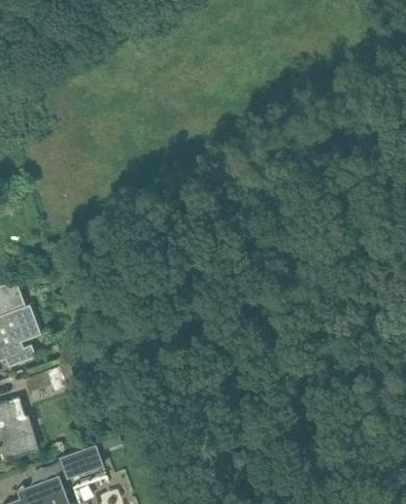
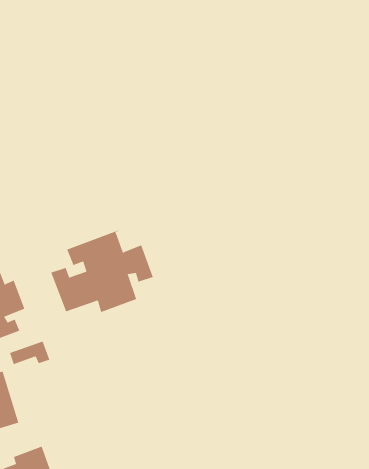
building: none -> [51,229,154,313]
building: [59,444,105,483] -> none

